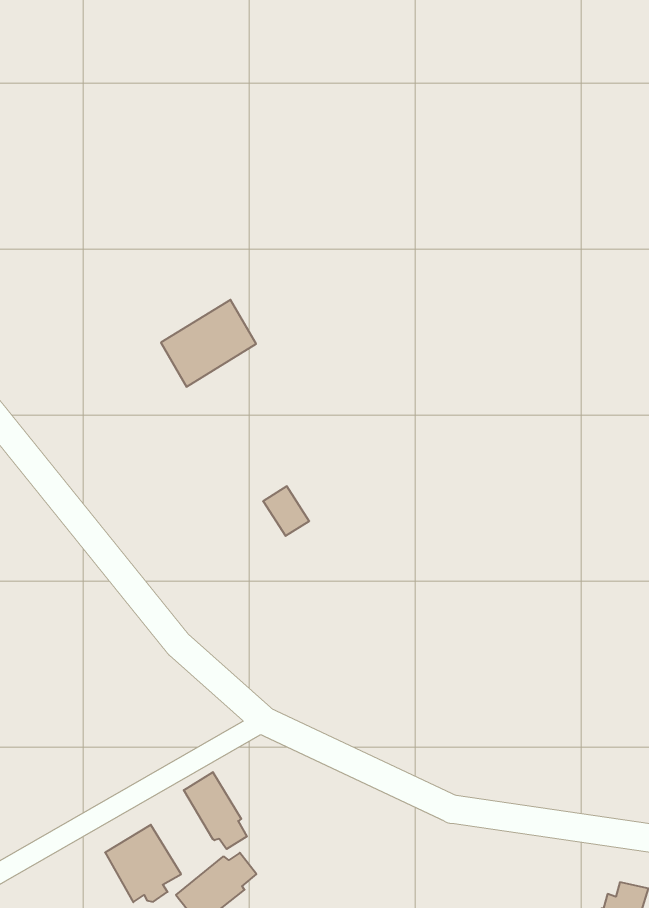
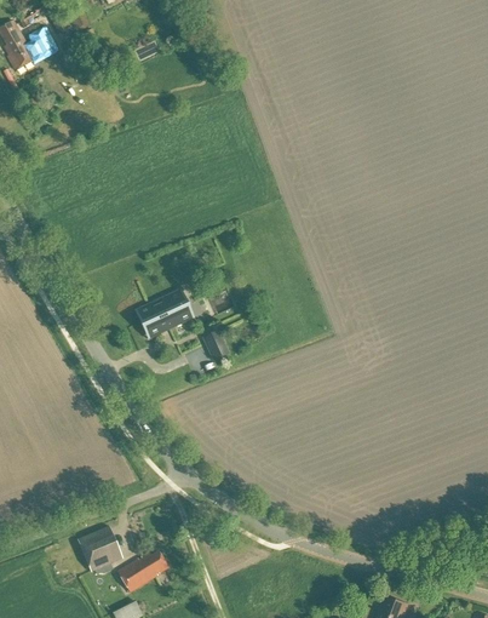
building: [161,300,256,387] -> [139,288,197,338]
building: [184,772,247,849] -> none

